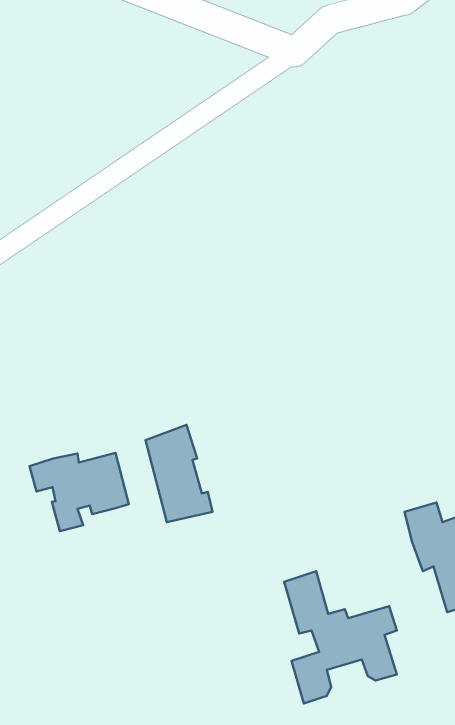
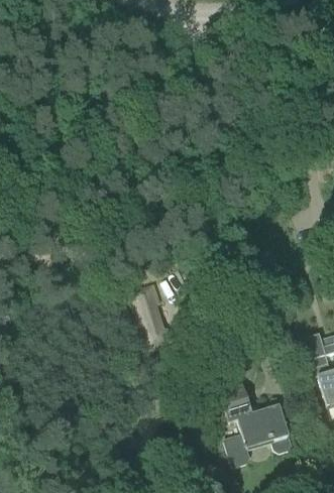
building: [29,453,129,531] -> none

